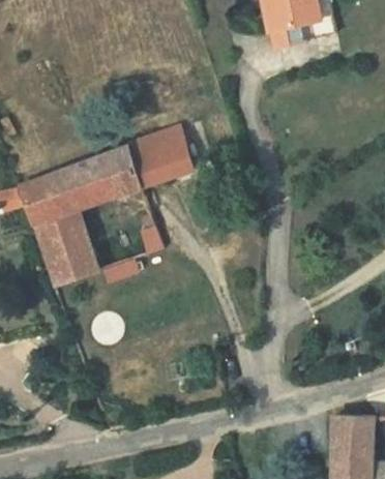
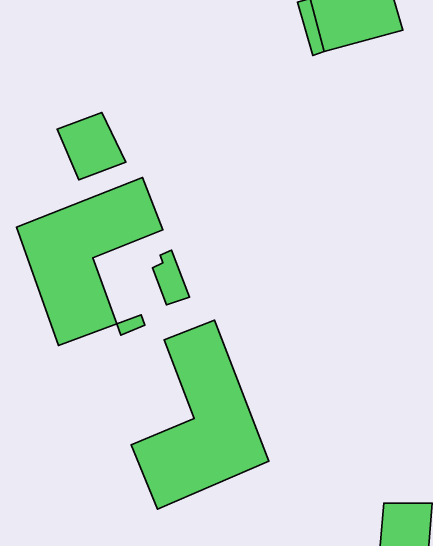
building: [144,131,200,186] -> [57,113,126,180]
building: none -> [131,320,269,509]

